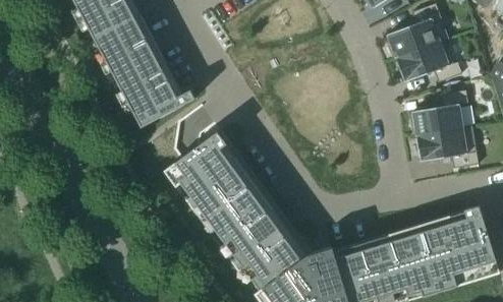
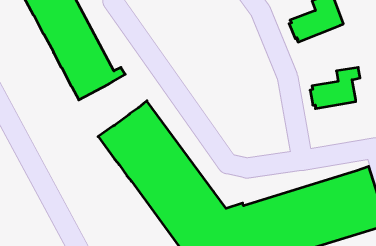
building: [395,41,461,81] -> none
building: [415,125,478,168] -> none

